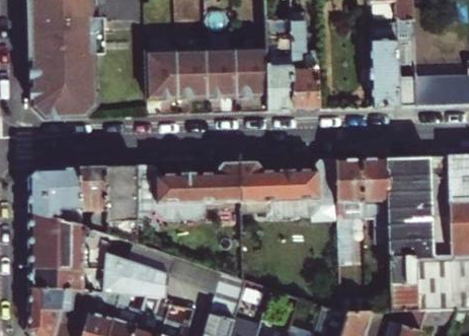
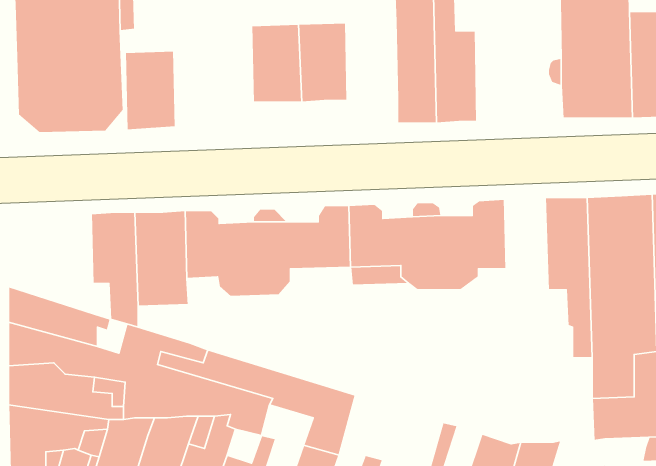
building: [237,47,269,96] -> none
building: [148,50,179,99] -> [125,51,176,130]
building: [336,157,364,261] -> none
building: [25,167,80,230] -> none

